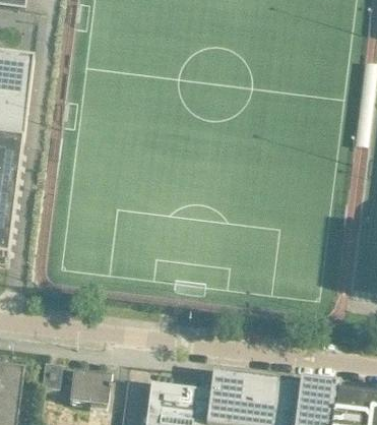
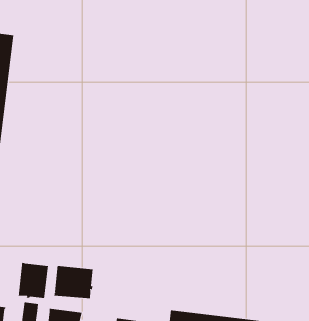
building: none -> [18,262,49,299]
building: none -> [54,265,93,299]

